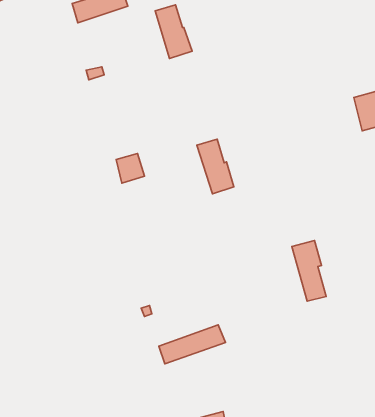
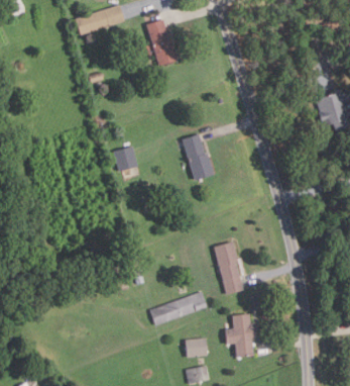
building: [292,241,326,301] -> [214,242,243,293]
building: none -> [226,313,258,357]
building: none -> [186,337,207,357]

